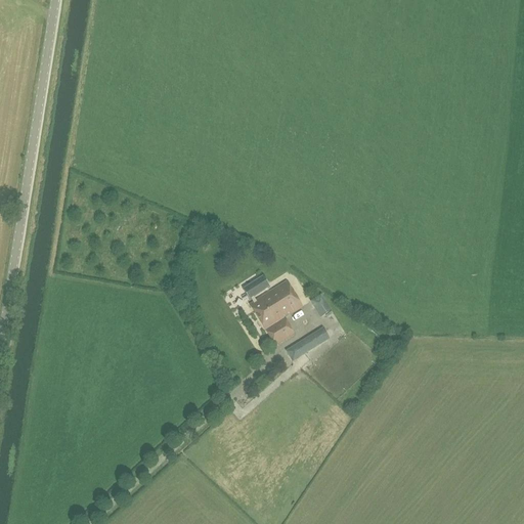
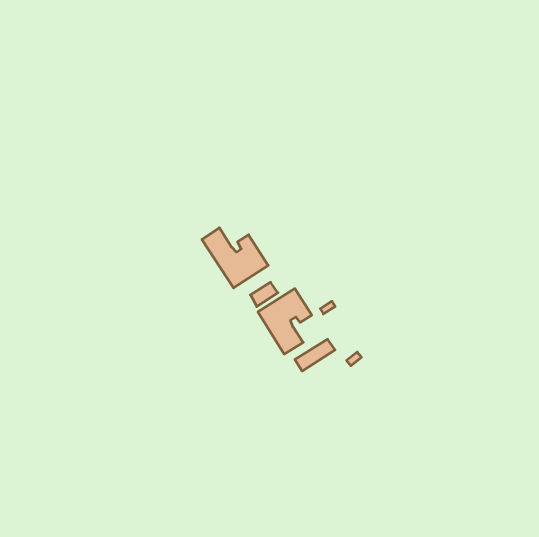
building: none -> [202,228,268,288]

